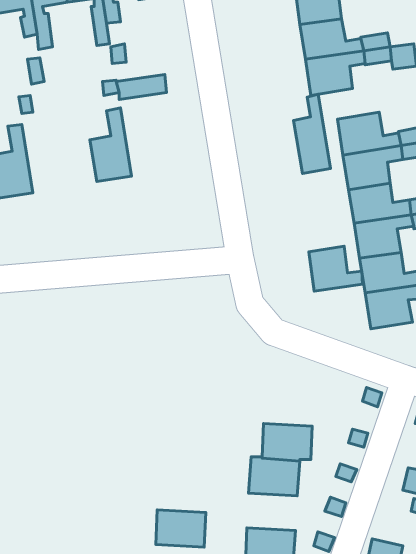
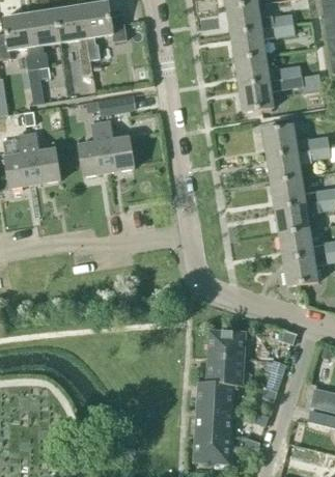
building: [294,94,331,173] -> none
building: none -> [100,120,133,172]
building: none -> [26,132,59,185]
building: [309,246,363,291] -> none
building: none -> [206,330,245,359]
building: [156,510,206,547] -> [194,409,231,437]

